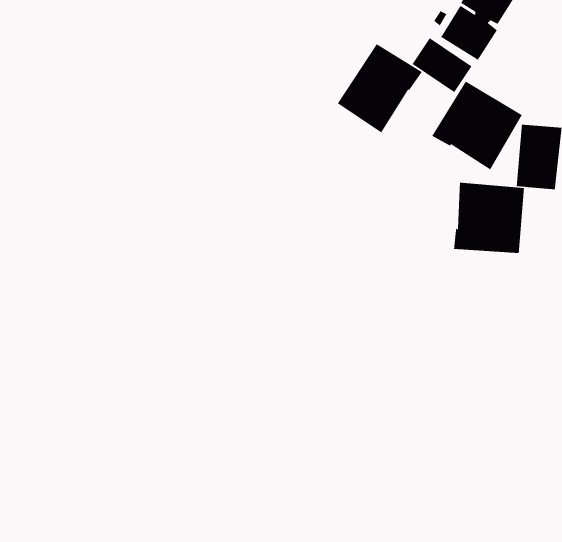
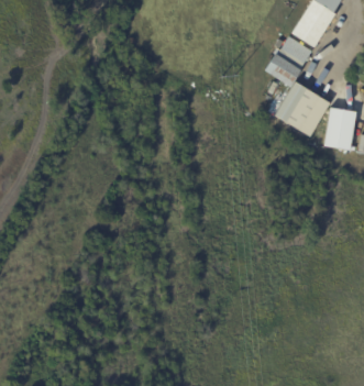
building: [337,43,423,133] -> none
building: [453,182,525,254] -> none

